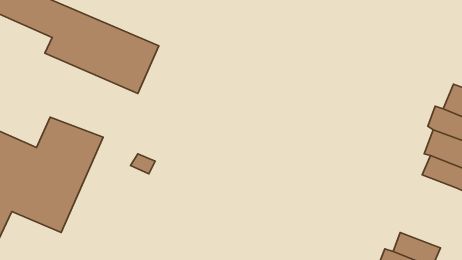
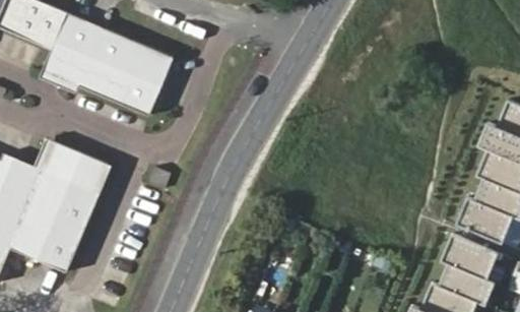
building: none -> [453,200,510,245]
building: none -> [440,237,493,280]

